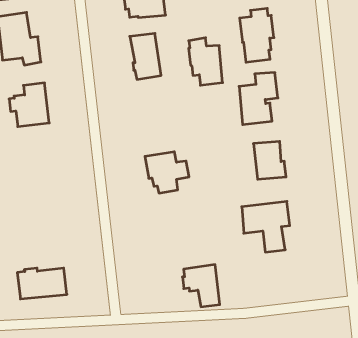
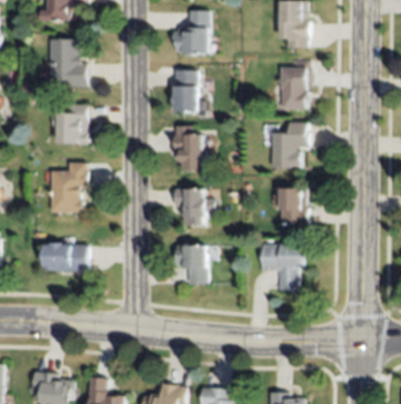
building: [189,38,223,85] -> [173,127,203,171]
building: none -> [50,163,87,213]
building: [182,265,220,307] -> [173,246,206,285]
building: [17,268,67,299] -> [44,243,88,271]

